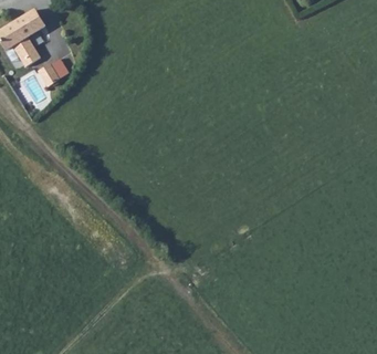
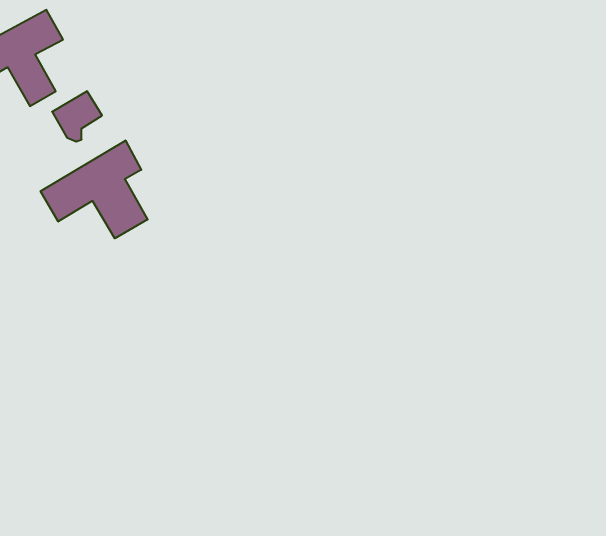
building: none -> [41,140,148,238]

